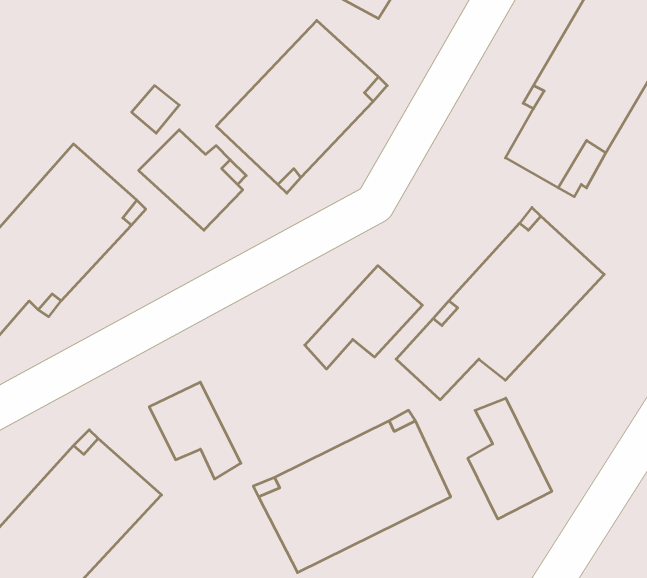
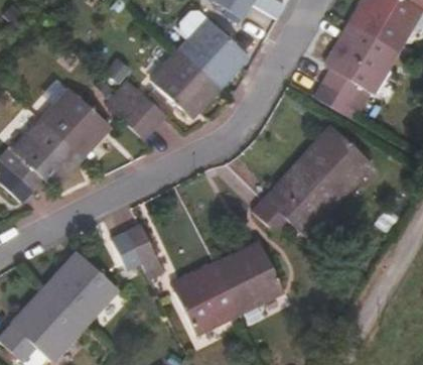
building: [305,266,422,369] -> none
building: [468,398,552,519] -> none

